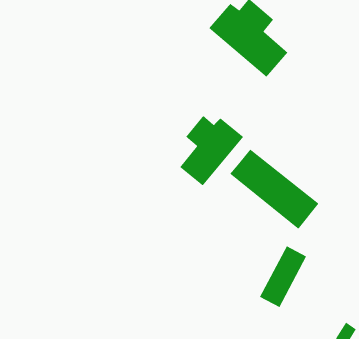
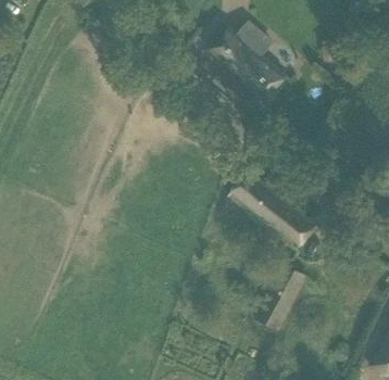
building: [179,115,244,187] -> none

